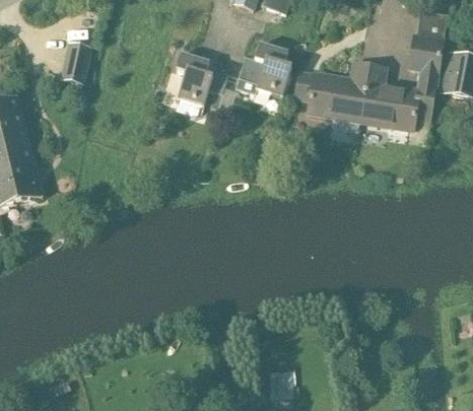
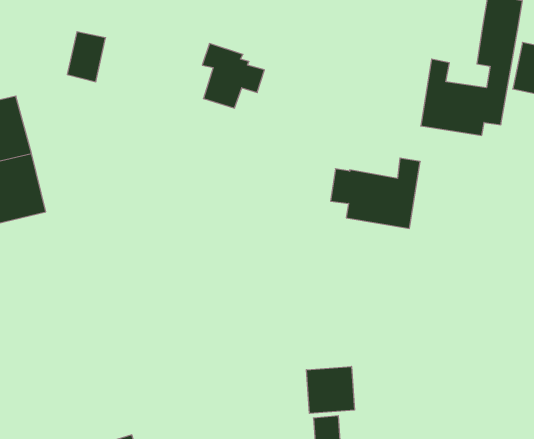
building: [234,43,291,96] -> none
building: [294,62,370,122] -> [331,158,420,228]
building: none -> [306,366,354,413]

